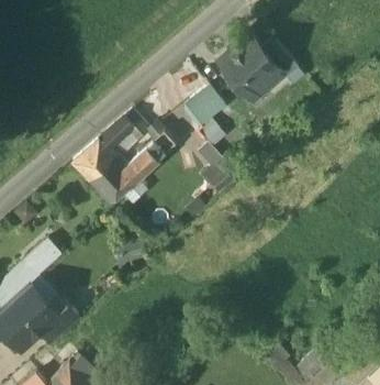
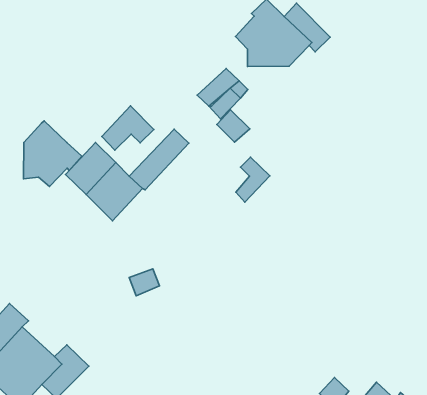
building: none -> [23,121,82,186]
building: [19,240,60,279] -> none

